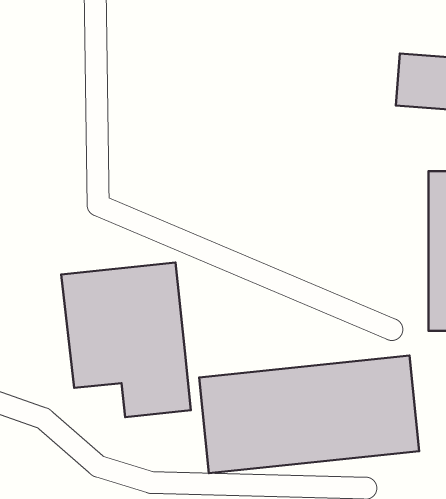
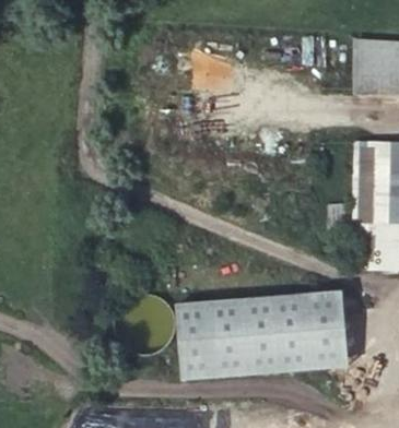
building: [61,263,191,417] -> none

